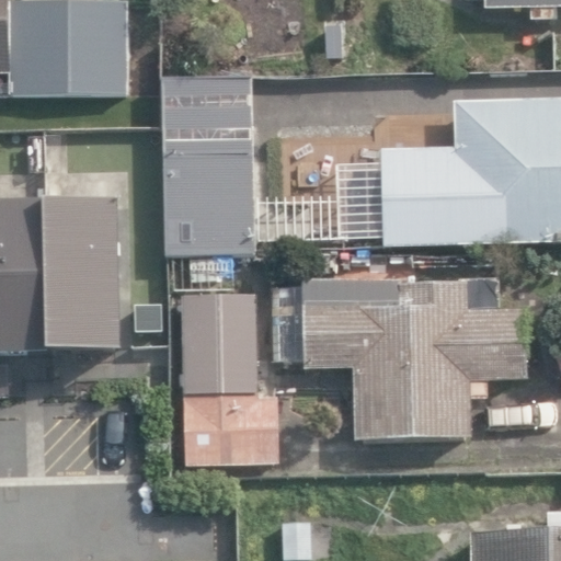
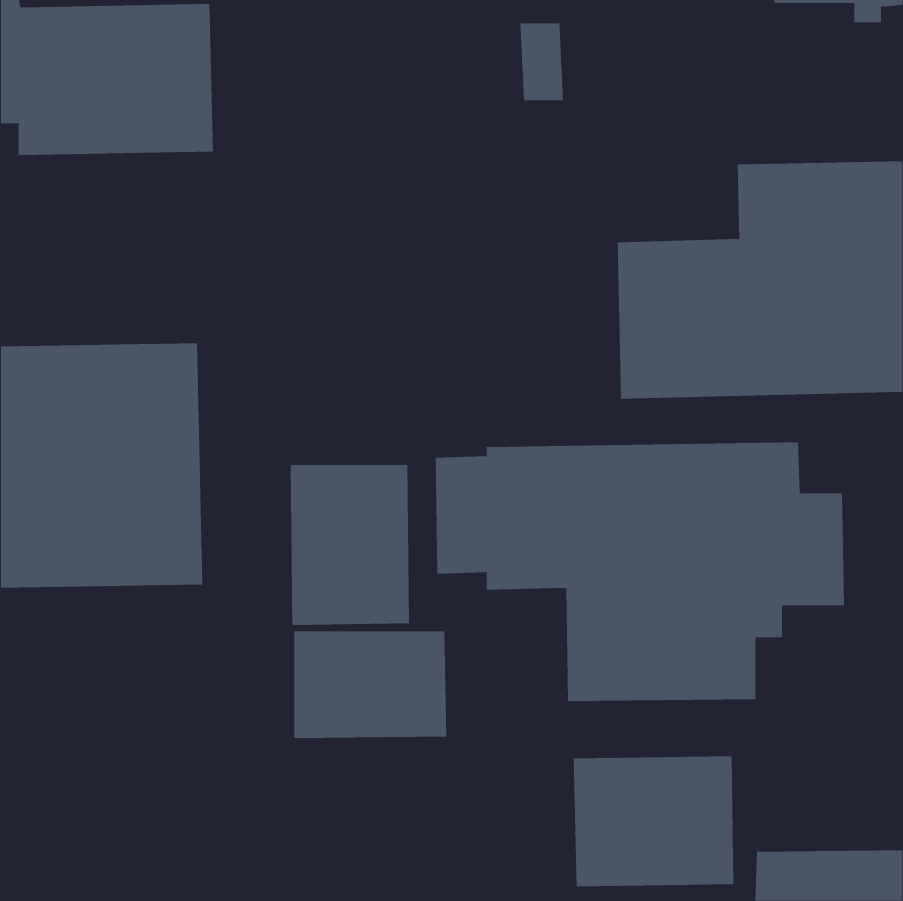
building: [162,68,255,285] -> none
building: none -> [573,755,734,887]

